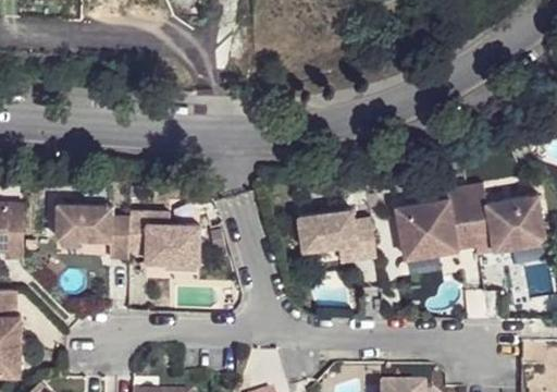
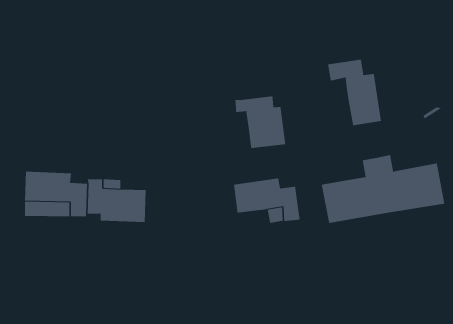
building: none -> [327,59,382,126]
building: none -> [235,96,286,149]

